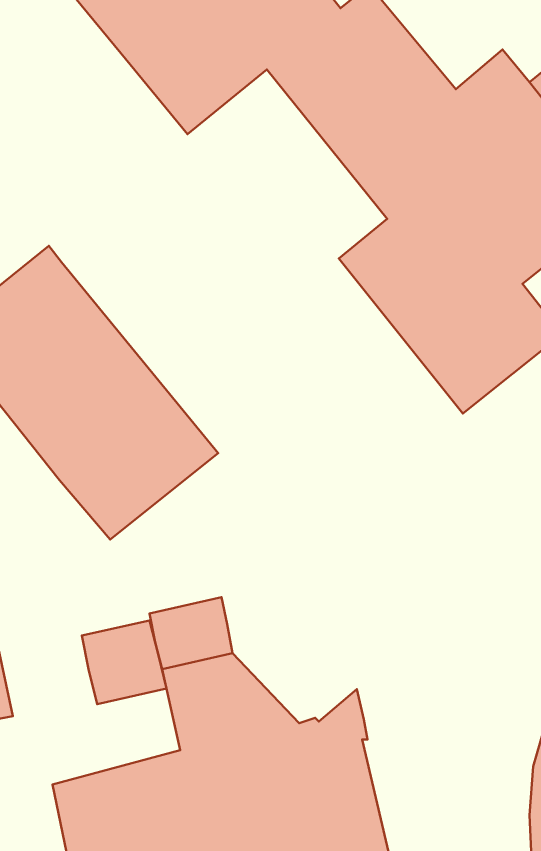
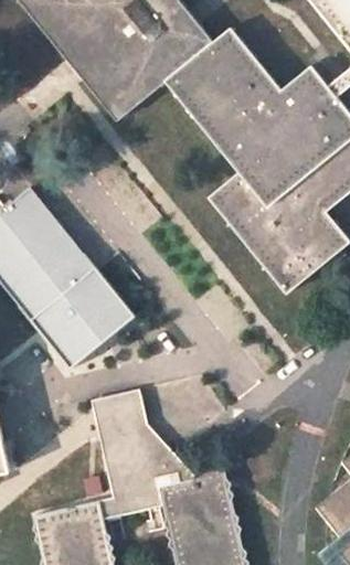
building: [82,621,167,704] -> none

